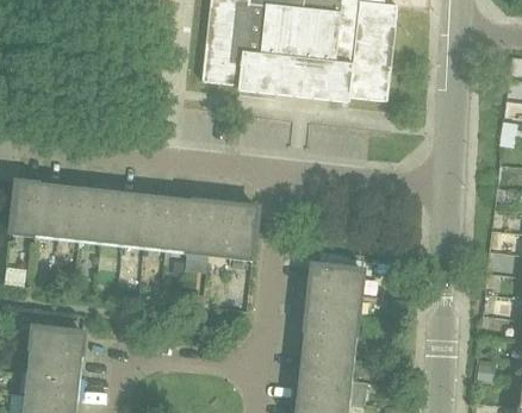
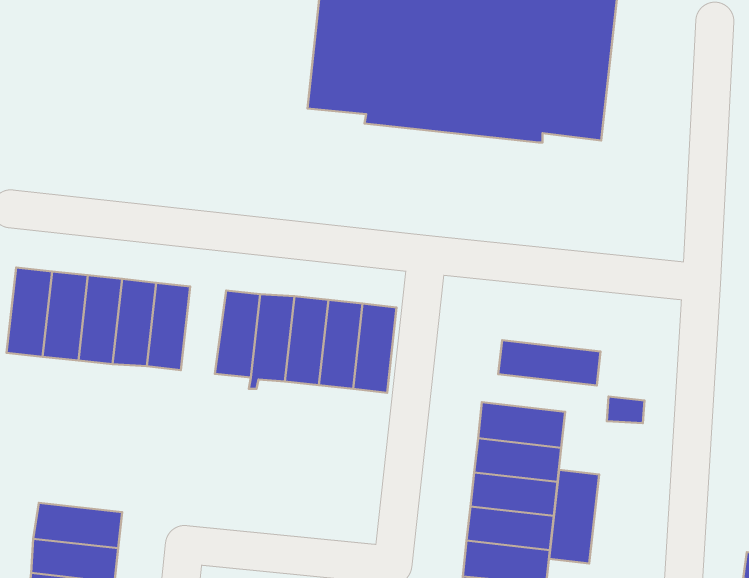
building: [122,192,150,246] -> none
building: none -> [498,340,601,385]
building: none -> [549,470,599,563]

